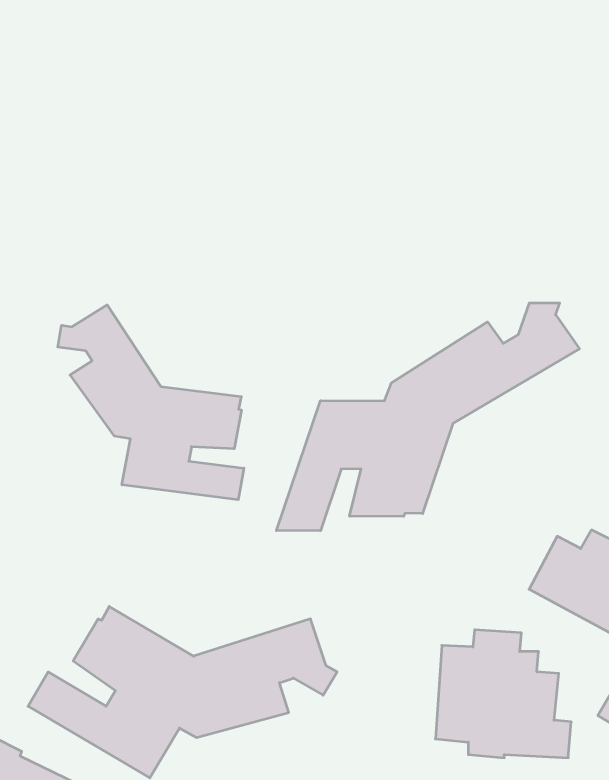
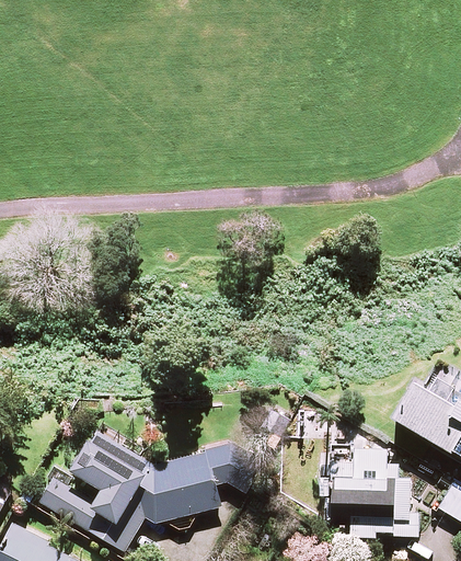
building: [276,303,579,531] -> none
building: [58,305,244,500] -> none

